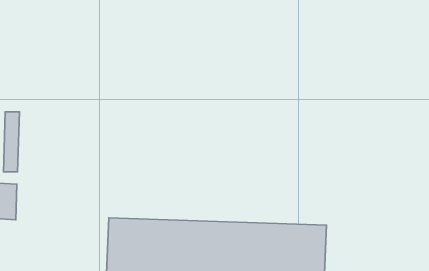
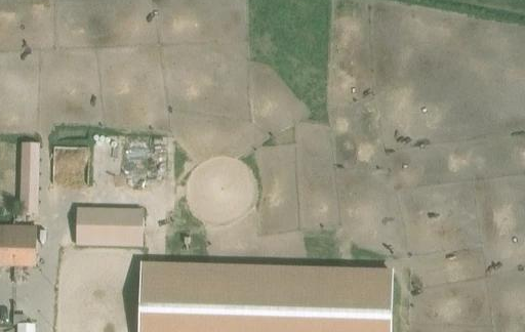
building: none -> [75,207,142,245]

